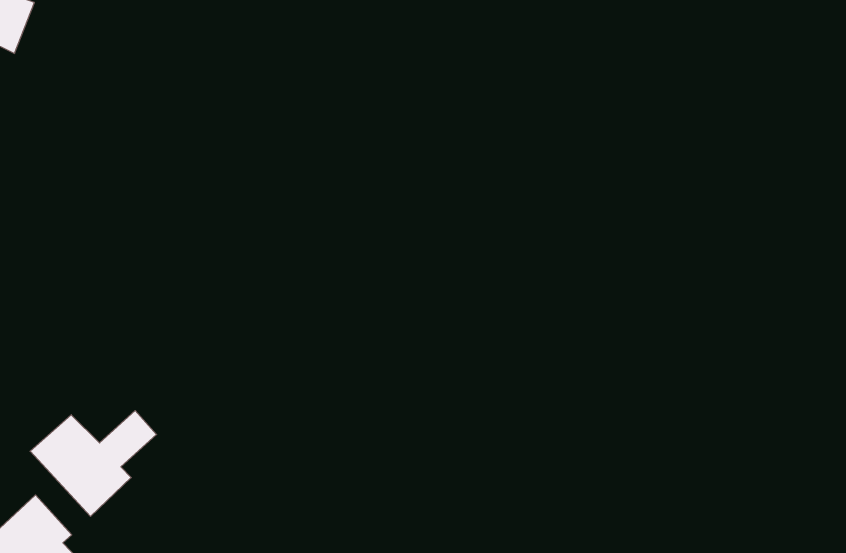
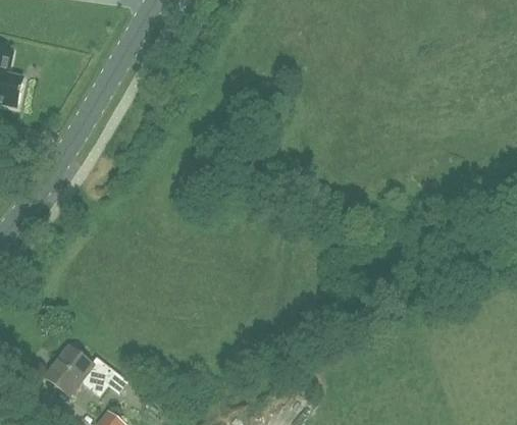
building: [30,411,157,516] -> none

